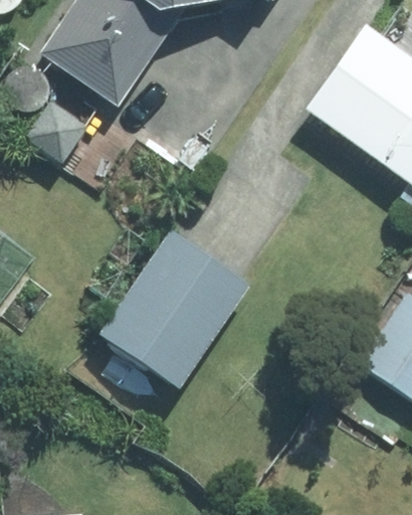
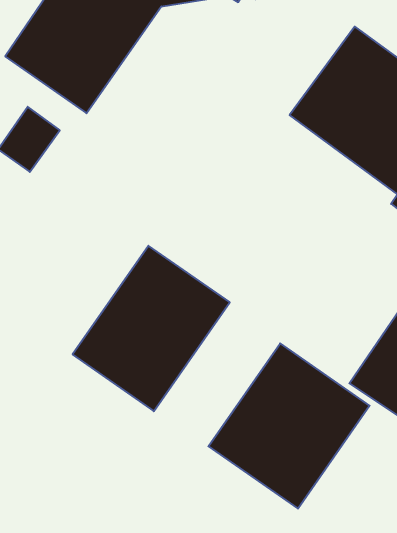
building: none -> [208,343,370,509]

